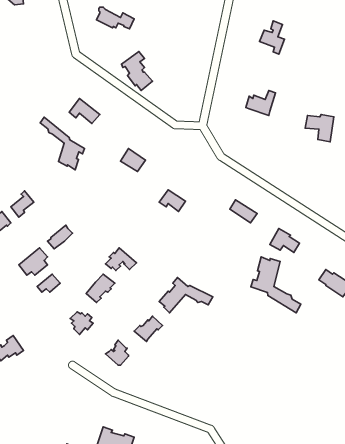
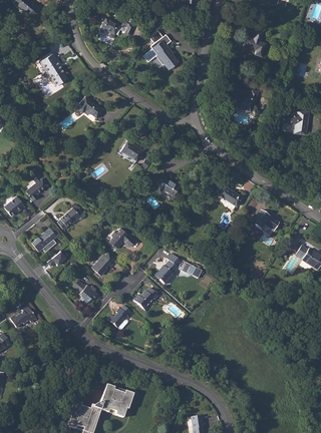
building: none -> [41,53,68,85]
building: [122,52,152,90] -> [150,34,178,68]
building: [40,117,85,170] -> none
building: [251,257,301,313] -> none

